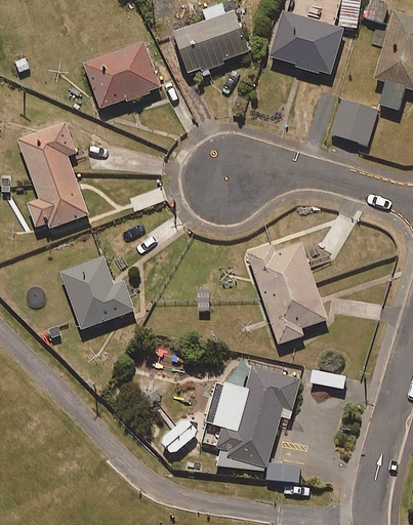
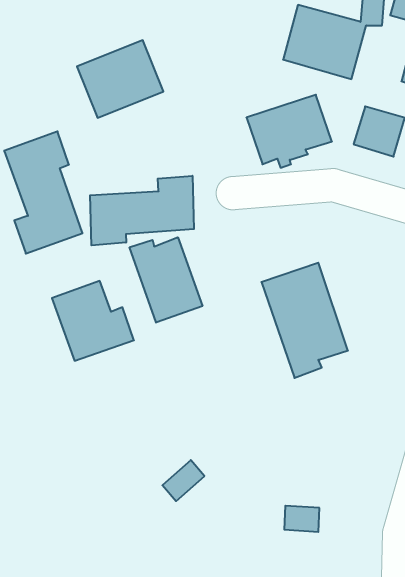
building: [171,10,248,76] -> [246,95,332,168]
building: none -> [90,176,194,245]
building: none -> [130,237,202,323]
building: [203,359,300,481] -> none

